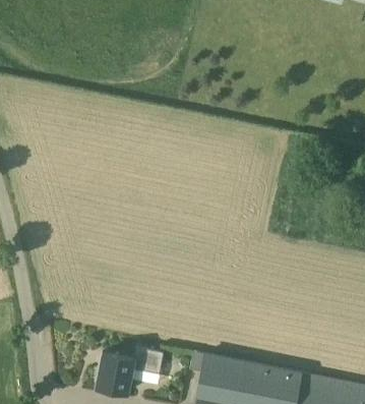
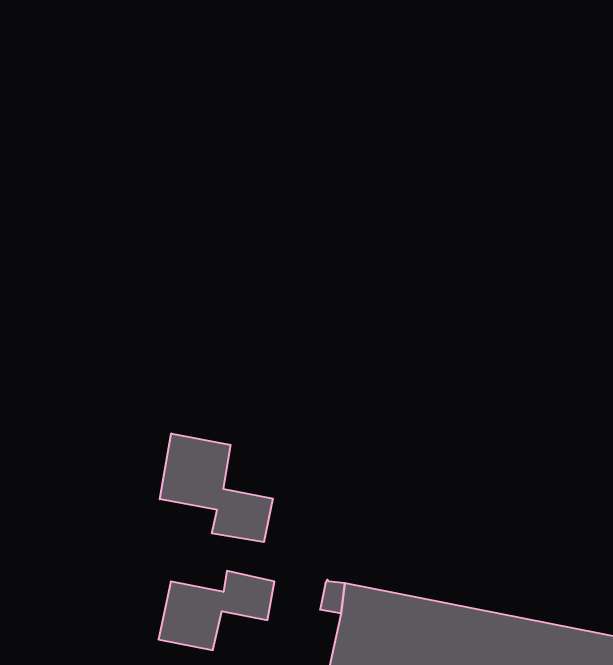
building: none -> [160,433,273,542]

